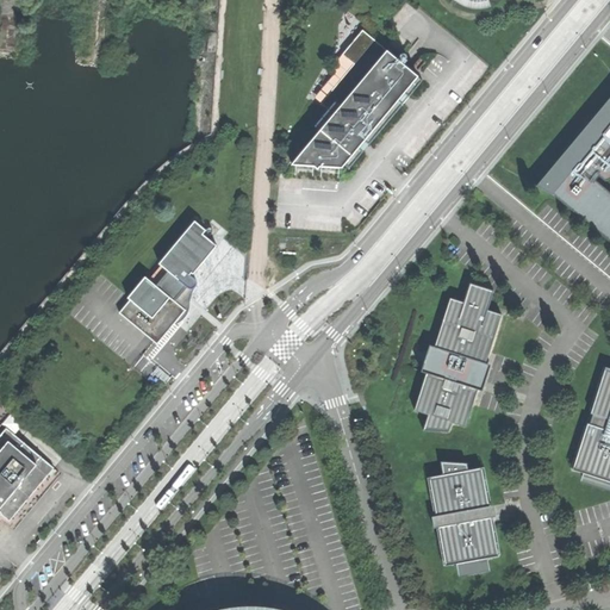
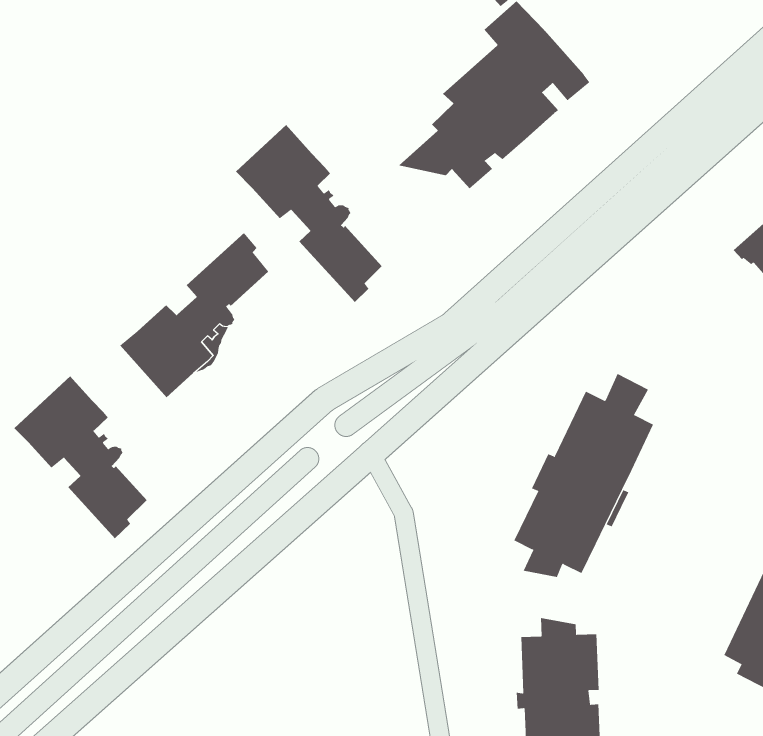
building: none -> [235,124,383,303]
building: none -> [13,376,147,539]

